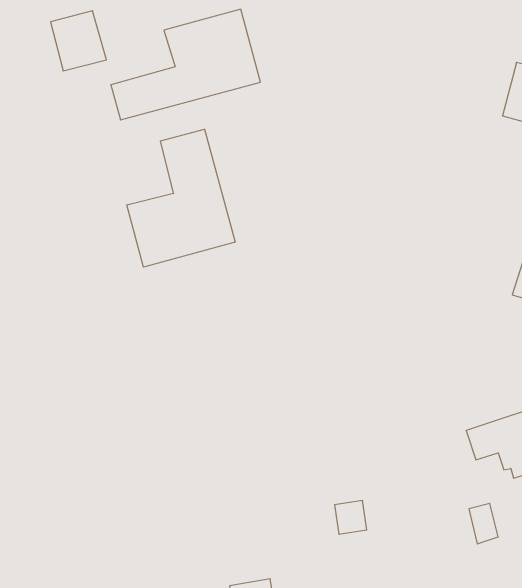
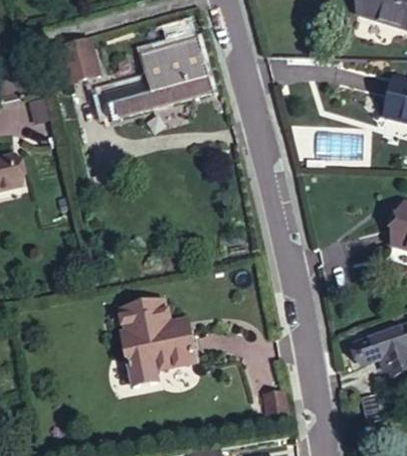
building: [127,129,235,267] -> none
building: none -> [121,300,194,385]

